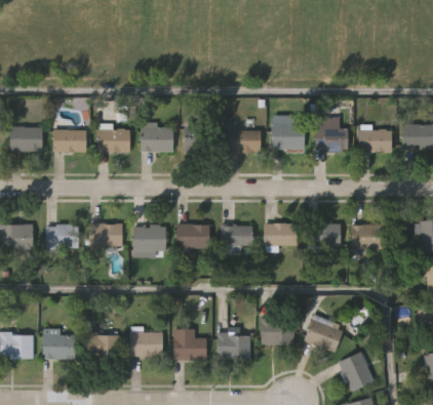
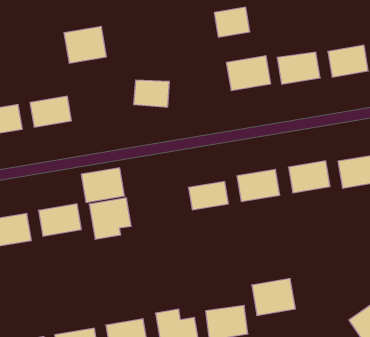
building: [141,125,173,152] -> [64,26,106,63]
building: [233,130,261,152] -> [214,7,250,37]
building: [175,224,209,248] -> [81,168,125,202]
building: [303,316,344,353] -> none

